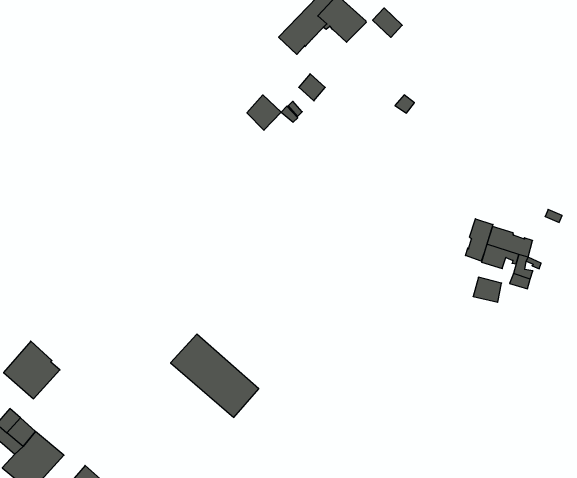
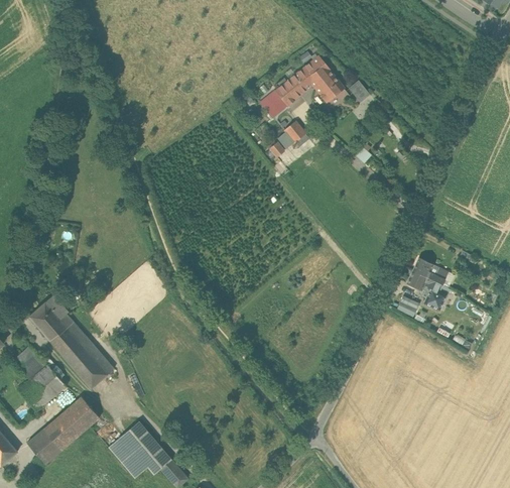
building: [247,95,281,130] -> [261,90,287,117]
building: [466,219,493,261] -> none
building: [171,334,259,417] -> [49,321,114,388]

